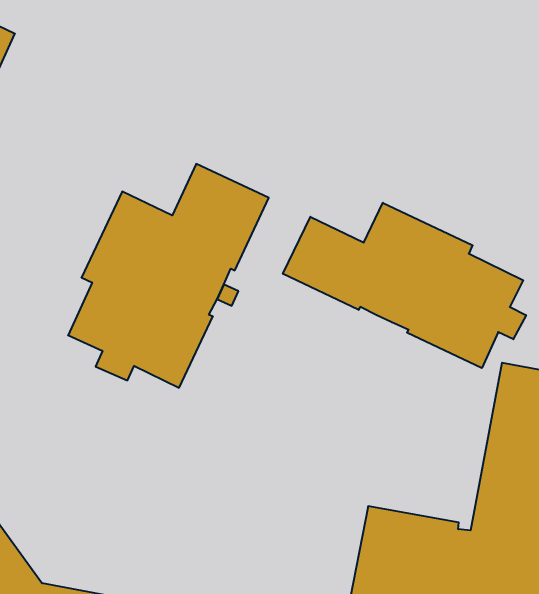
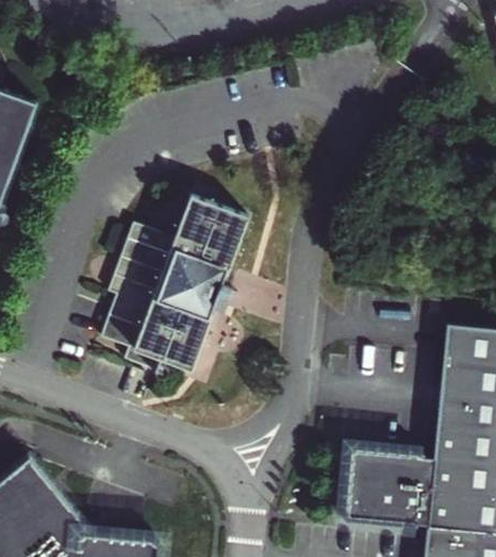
building: [283,203,526,368] -> none

